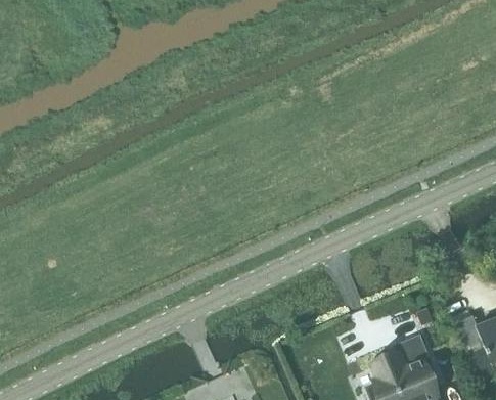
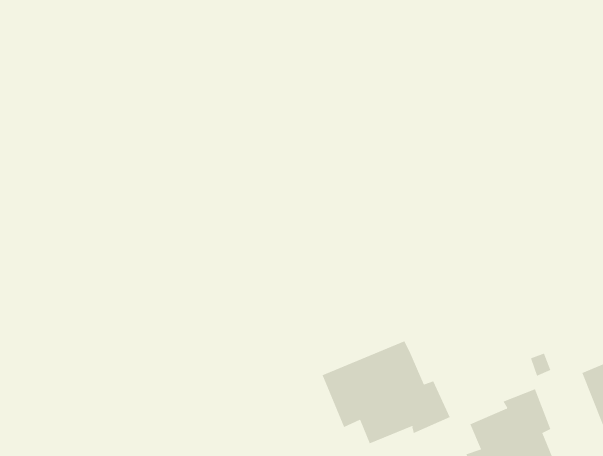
building: none -> [322,340,451,444]

